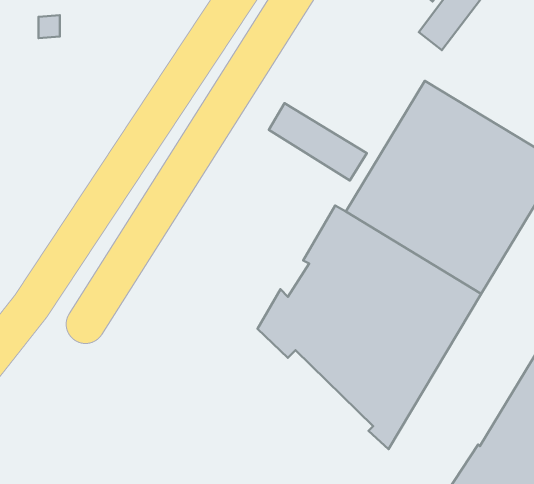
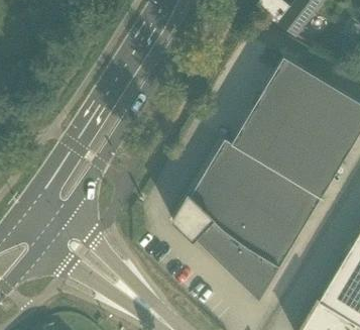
building: [269,103,367,181] -> none

